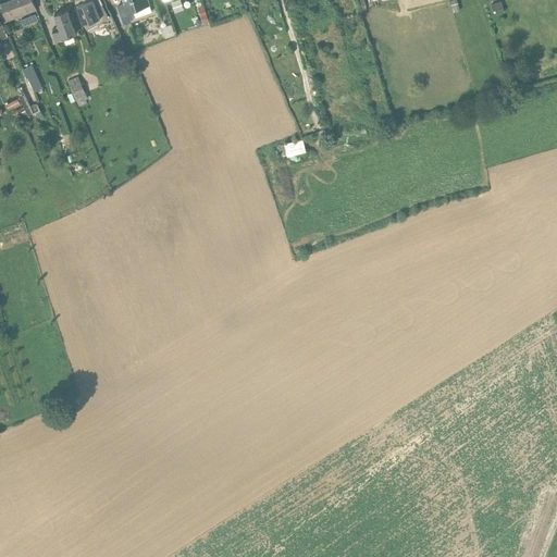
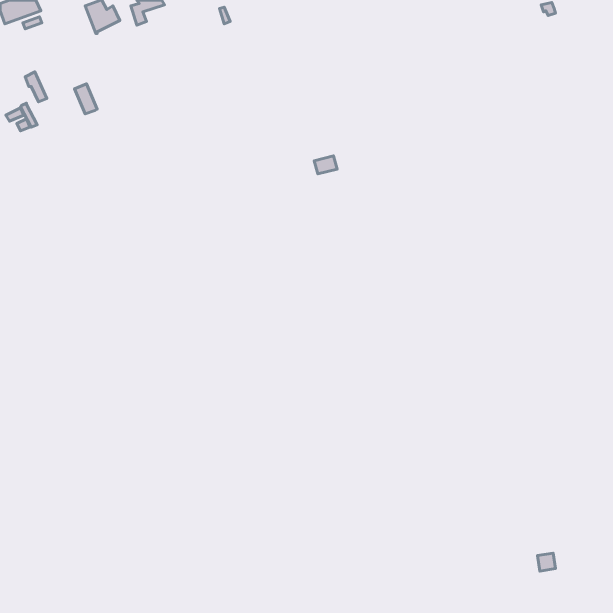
building: [52,10,75,41] -> none

